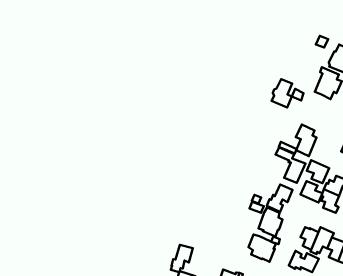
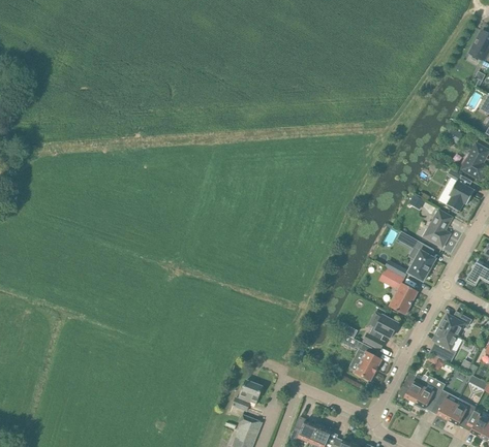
building: [271,79,292,107] -> [423,211,452,248]
building: [307,160,329,183] -> none
building: [301,181,322,203] -> none
building: [248,234,276,262] -> none
building: [289,251,319,272] -> none

